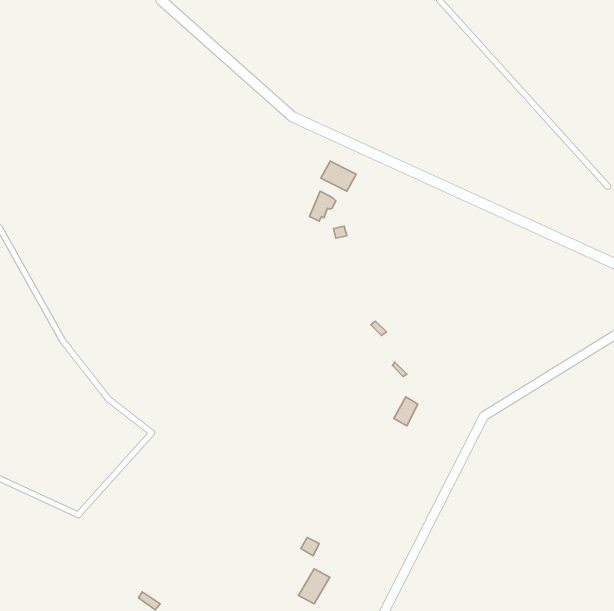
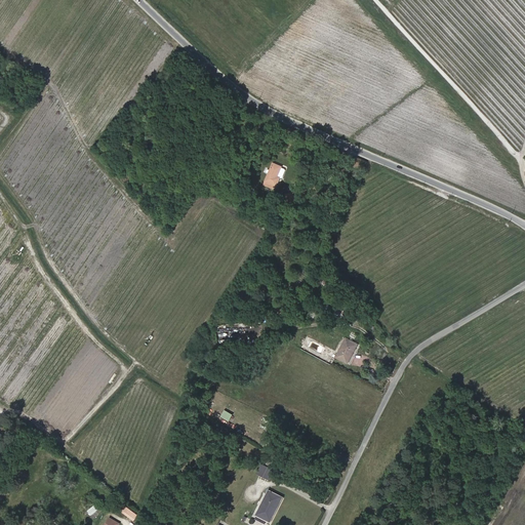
building: [321,161,356,191] -> none

